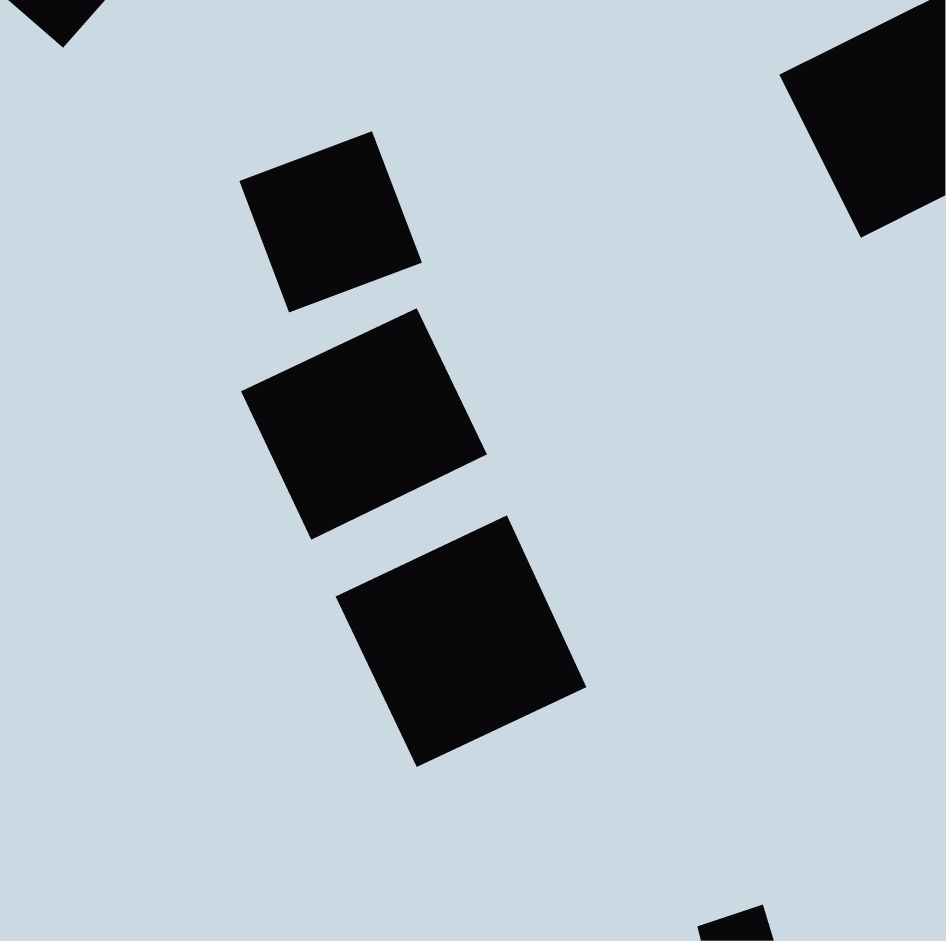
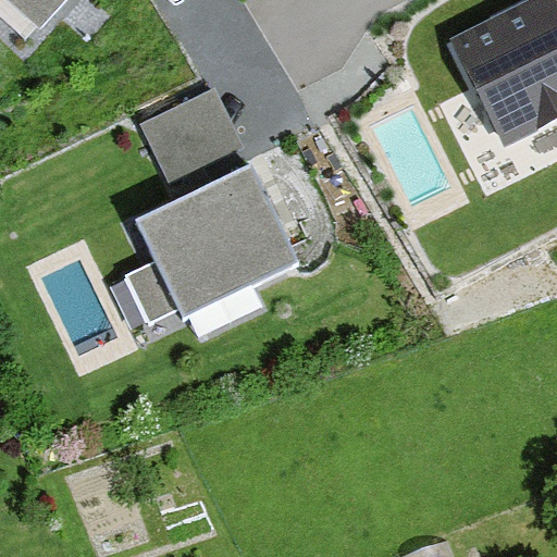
building: [335,514,587,768] -> none

